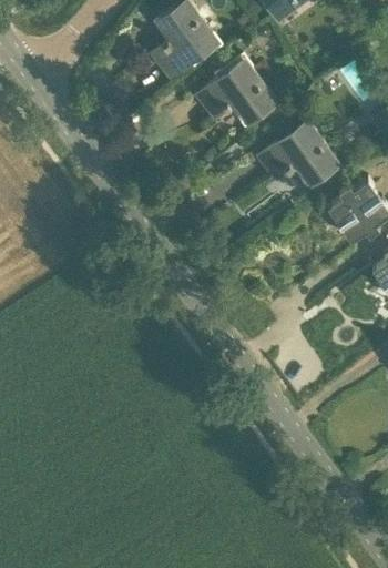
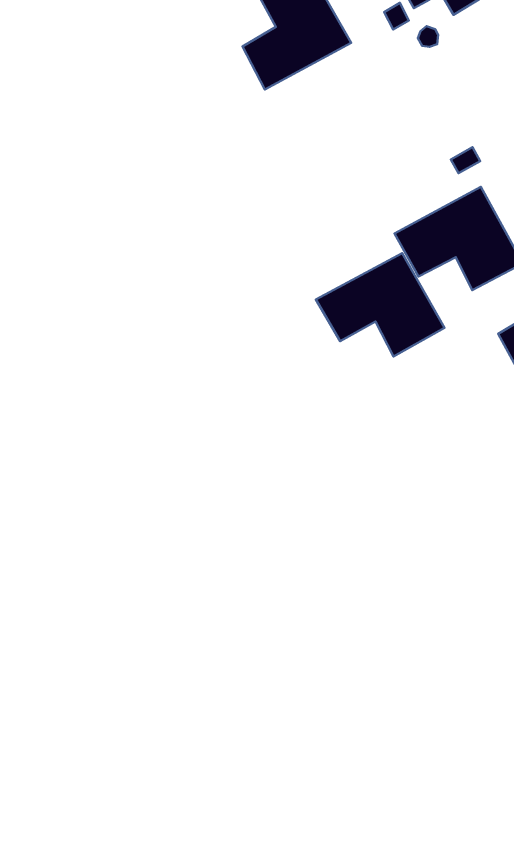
building: [196,61,276,124] -> [316,253,445,357]

